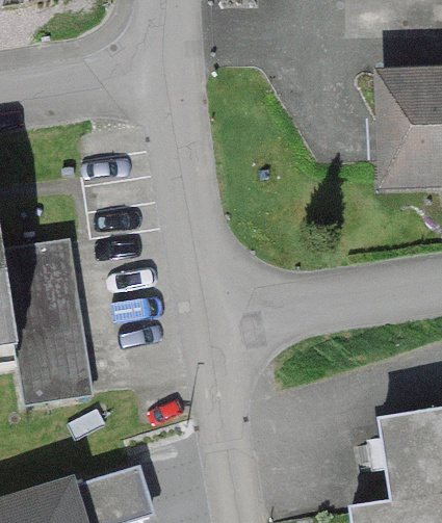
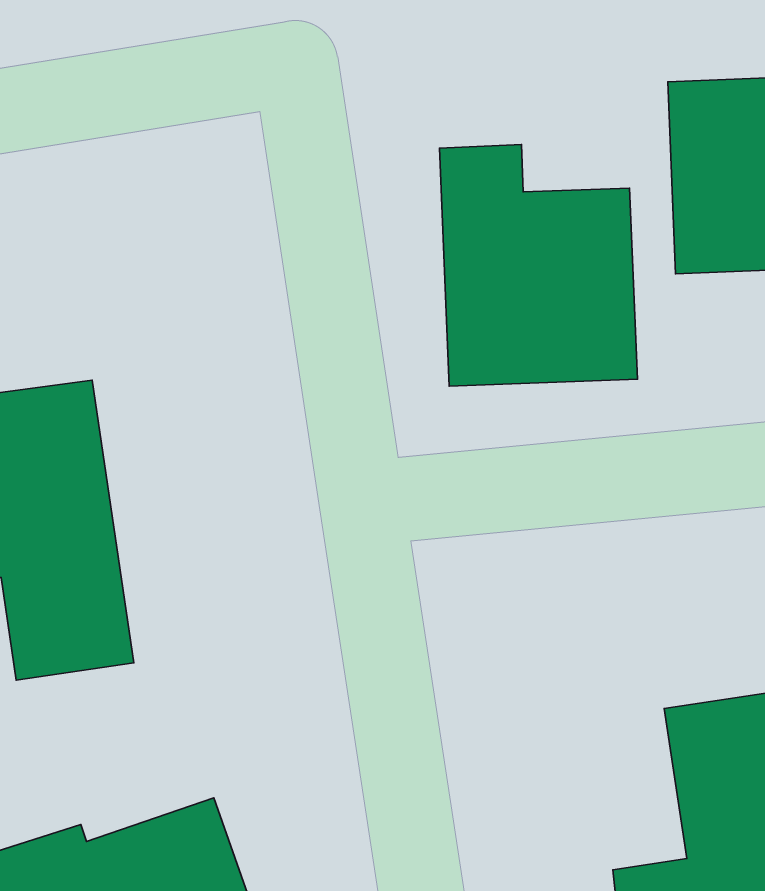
building: none -> [440,145,638,386]

